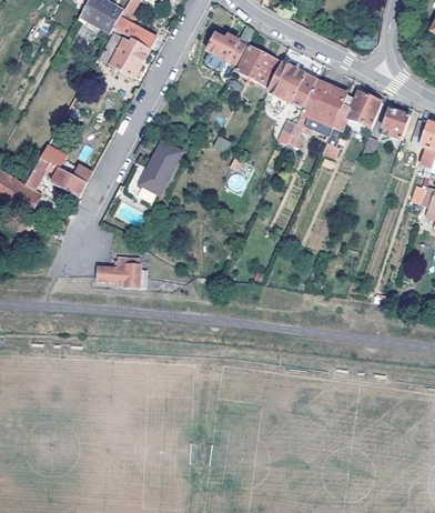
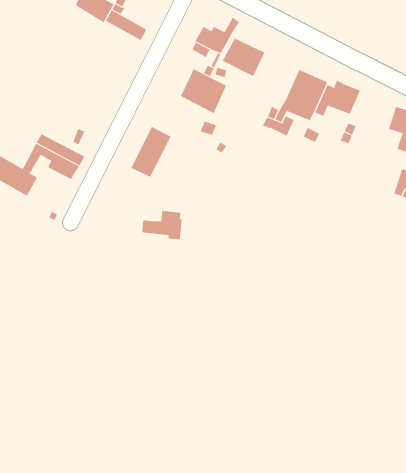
building: [97,28,151,78] -> none
building: [267,61,317,109] -> [180,69,227,114]
building: [381,108,411,138] -> none
building: [98,255,141,286] -> [142,210,183,240]

